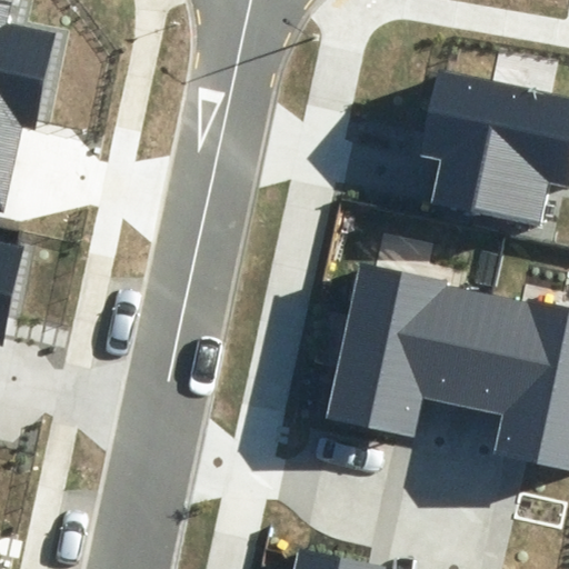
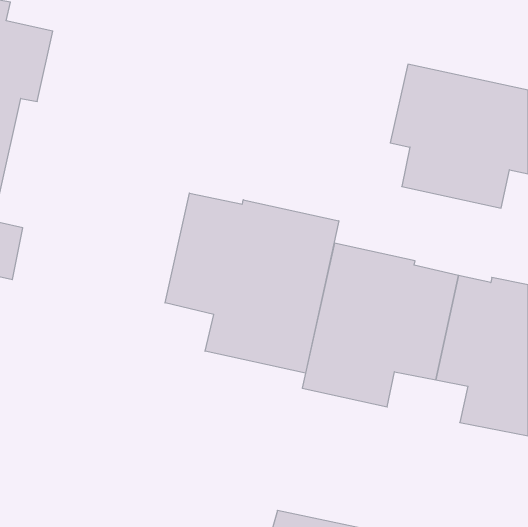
building: none -> [165,193,339,373]

